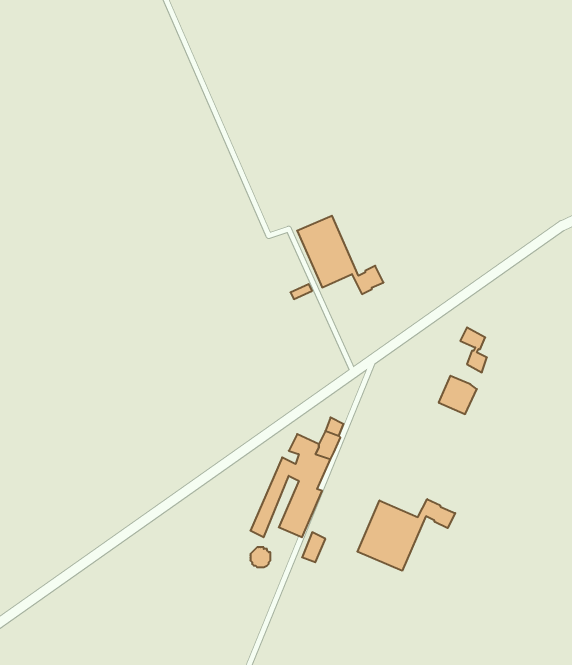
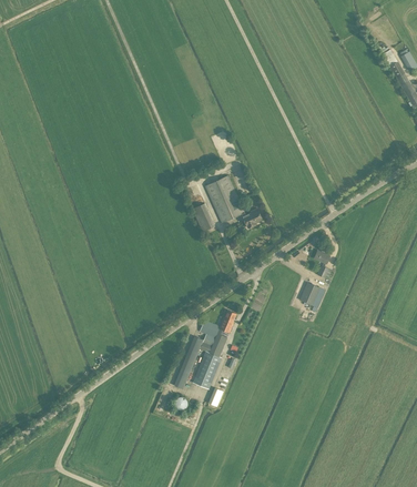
building: [357,499,455,571] -> none

